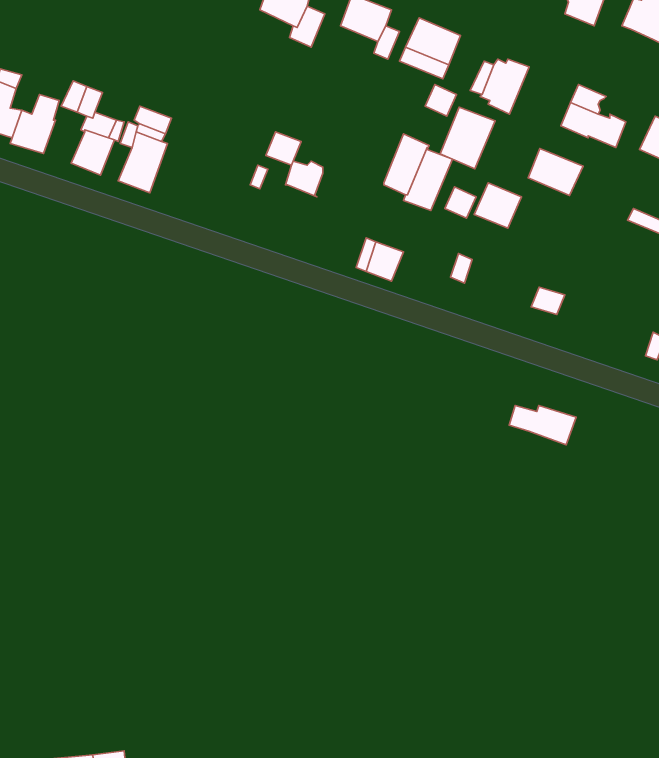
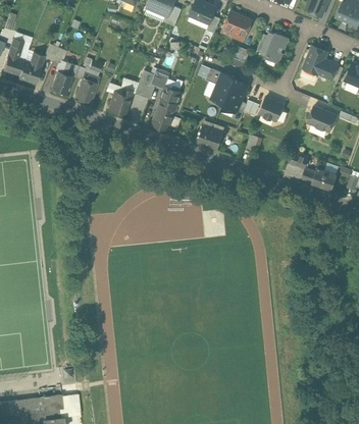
building: [440,107,495,169] -> none
building: [528,148,583,196] -> [308,107,337,131]
building: none -> [108,88,133,114]
building: none -> [152,99,177,130]
building: [509,405,576,445] -> [302,168,337,189]

